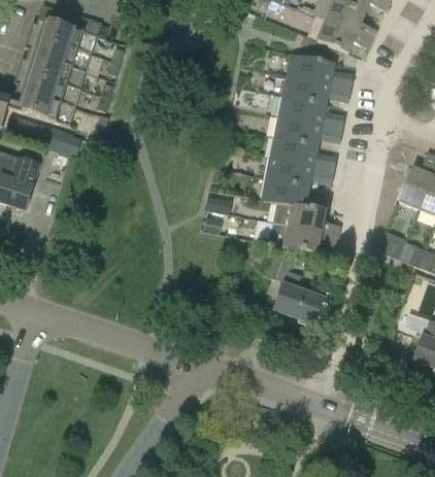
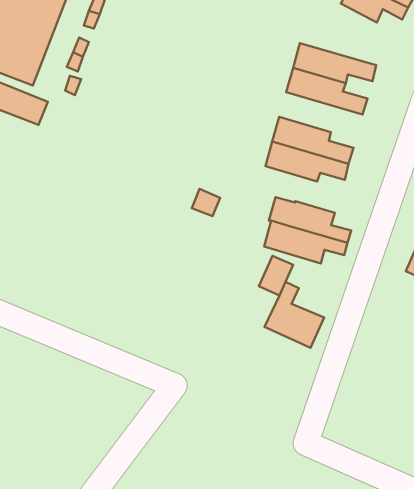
building: [286,54,353,88] -> none
building: [273,115,341,145] -> none
building: [261,177,328,211] -> none

